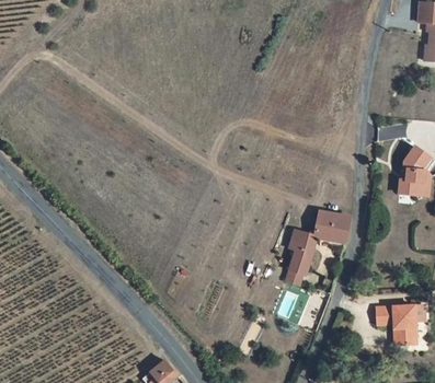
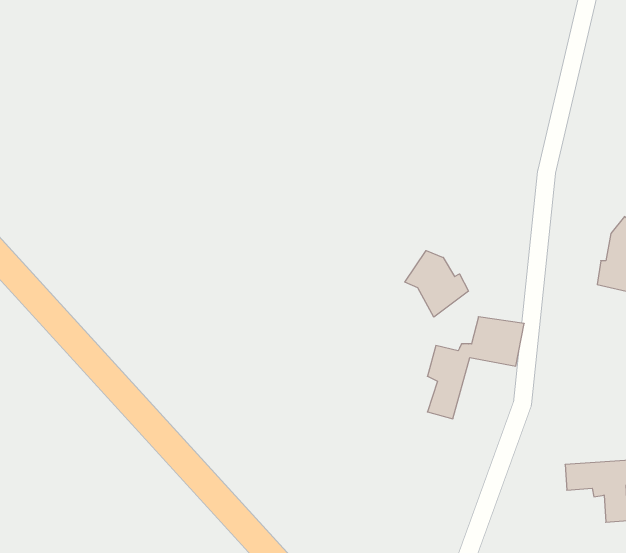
building: none -> [405,251,468,317]

